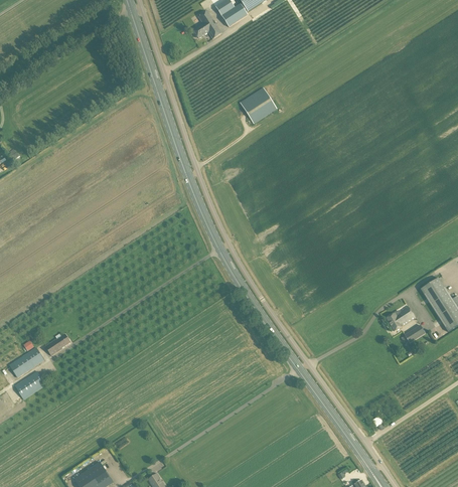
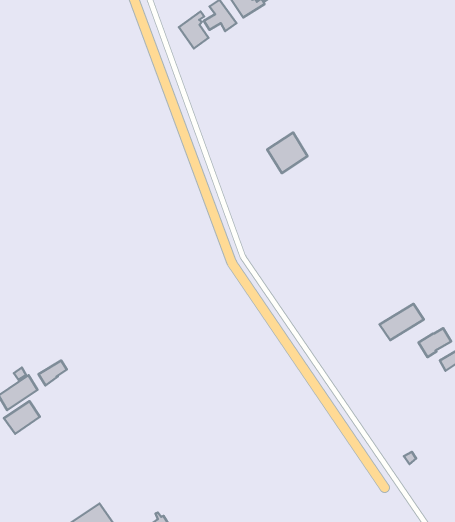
building: none -> [179,12,208,49]
building: [240,87,276,123] -> [267,133,308,173]
building: none -> [380,304,424,340]

